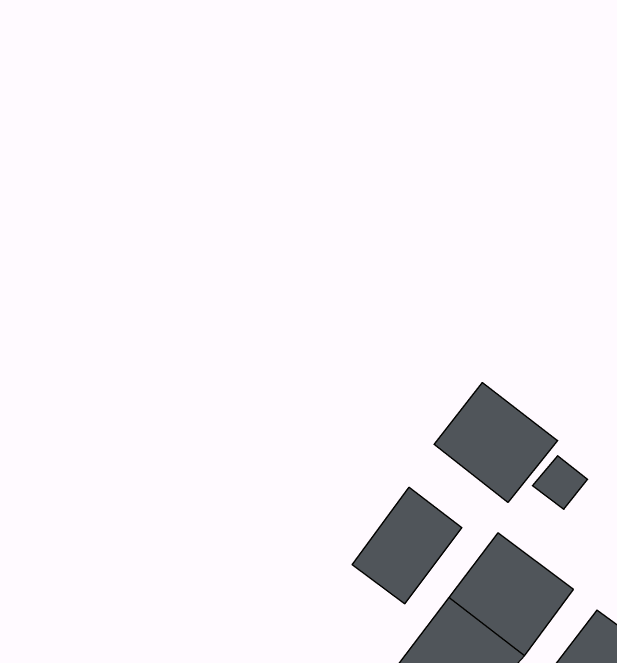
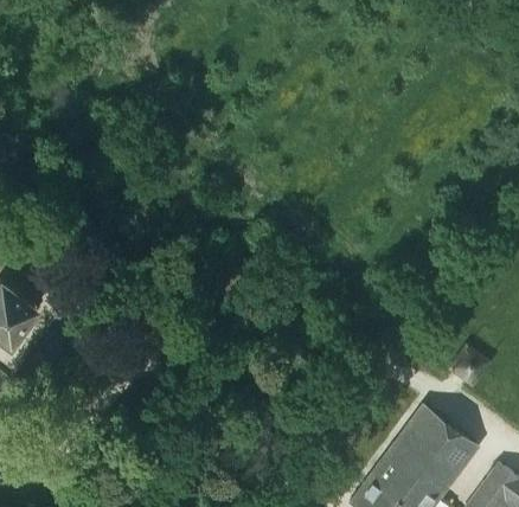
building: [434,383,558,502] -> none
building: [352,487,462,604] -> none

